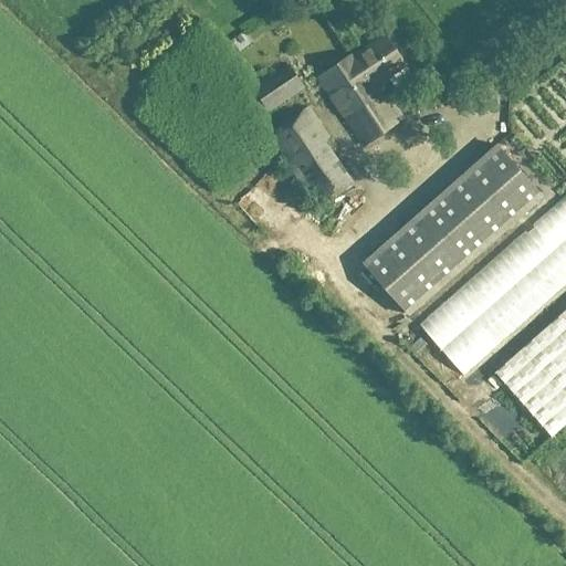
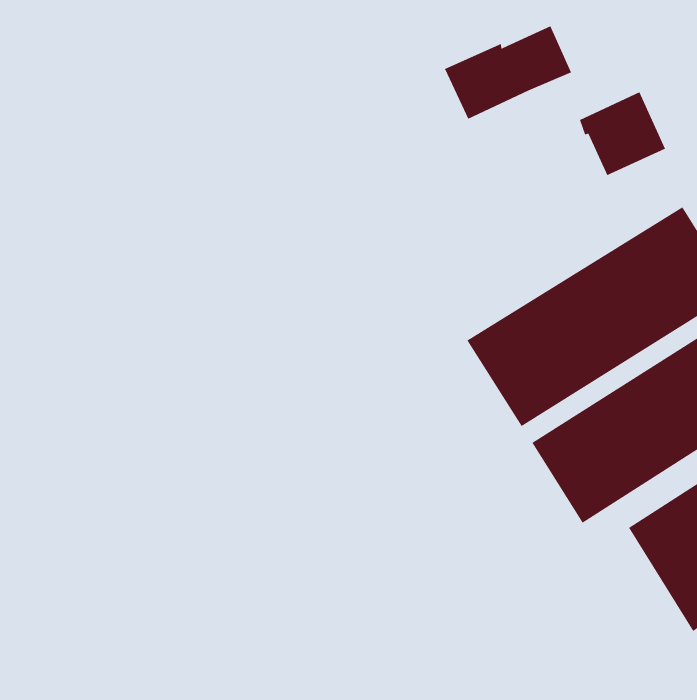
building: [255,64,305,111] -> none
building: [339,82,402,144] -> [579,91,666,176]
building: [269,105,354,207] -> none

